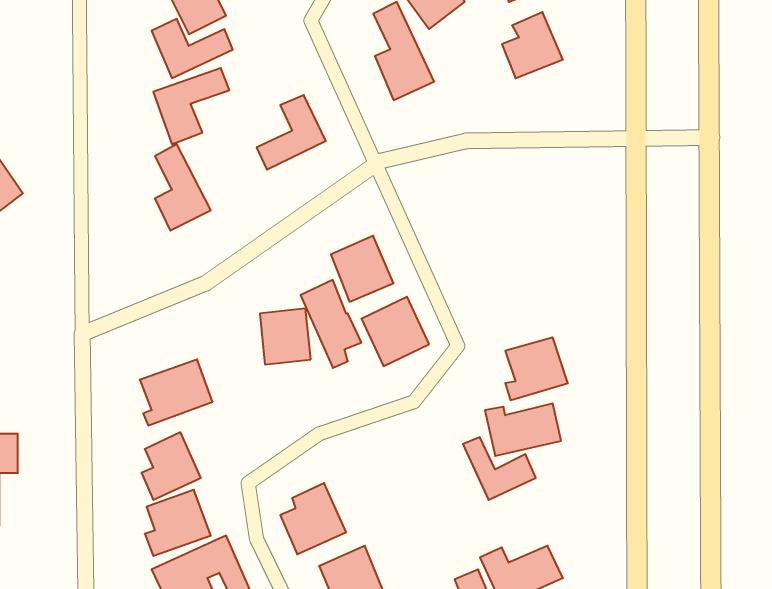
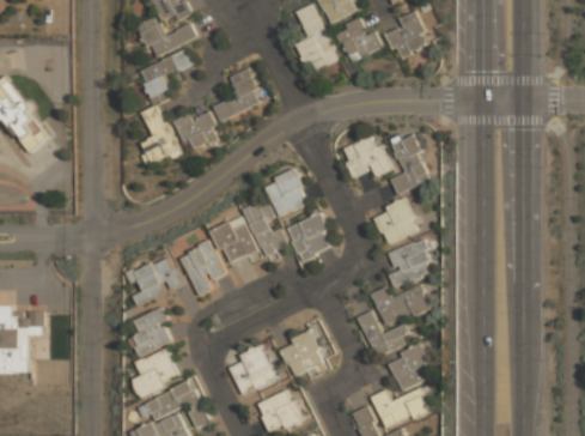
building: none -> [334,16,378,62]
building: none -> [172,113,219,152]
building: none -> [390,134,431,194]
building: none -> [341,135,389,175]
building: none -> [371,198,419,244]
building: none -> [178,240,224,293]
building: none -> [278,332,323,376]
building: none -> [386,346,431,390]

